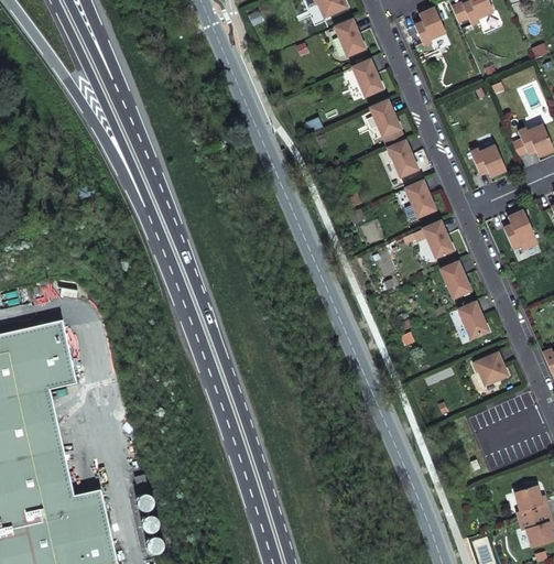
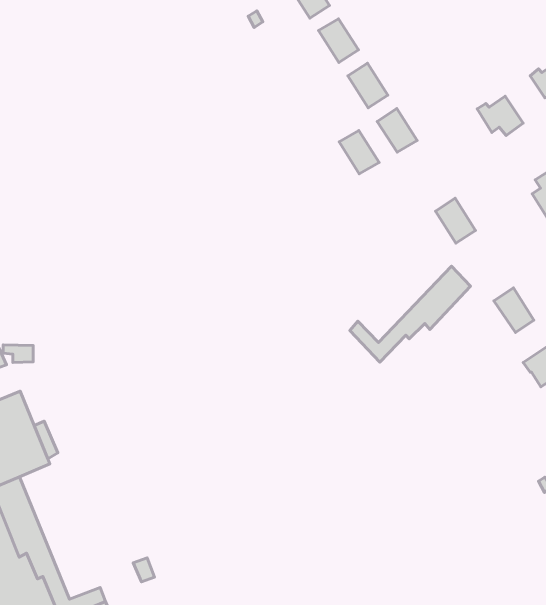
building: [405,182,435,217] -> [339,130,379,174]
building: [441,262,470,299] -> none
building: none -> [350,266,470,362]

